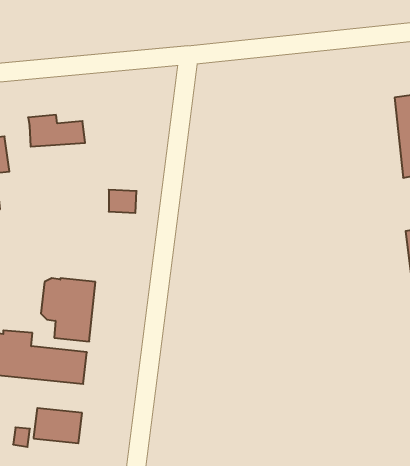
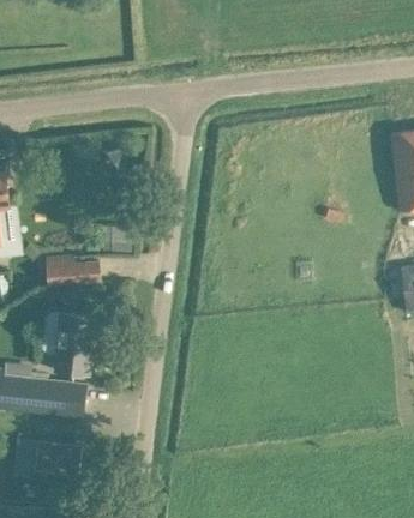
building: [28,115,85,147] -> [46,254,102,285]

